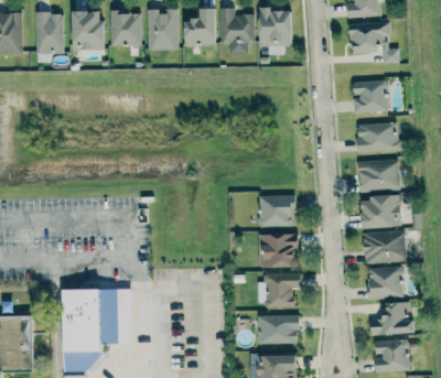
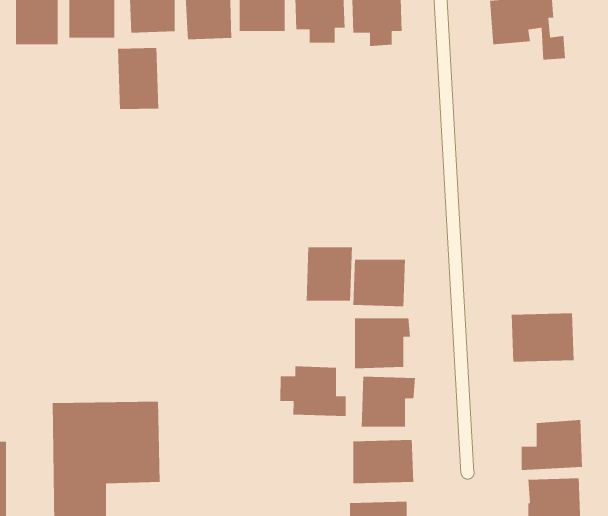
building: none -> [117,47,159,110]
building: [353,79,388,111] -> none
building: [356,122,399,151] -> none
building: [358,160,399,191] -> none
building: none -> [306,246,353,301]
building: [359,196,400,228] -> none
building: none -> [280,365,346,417]
building: [368,267,404,298] -> none

